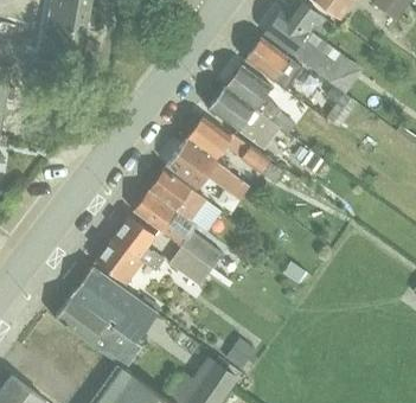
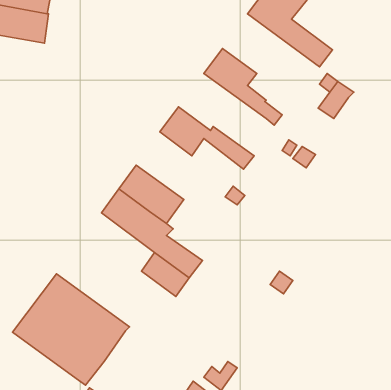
building: [244,37,302,90] -> none
building: [207,87,280,149] -> none
building: [166,139,249,197] -> none
building: [95,216,164,284] -> none

